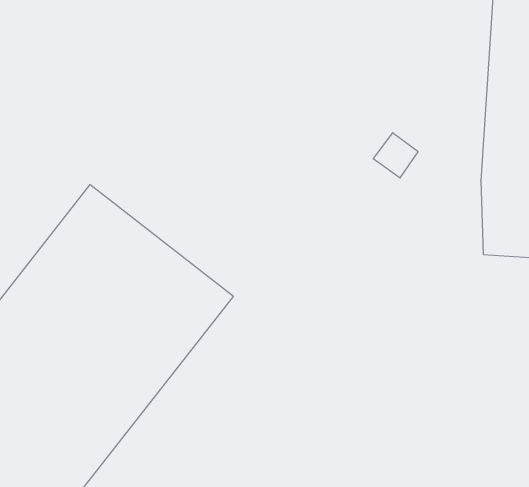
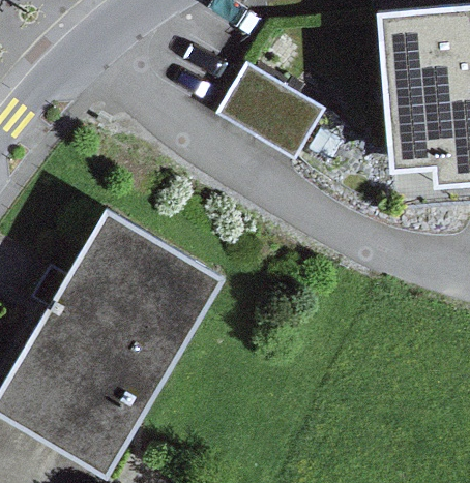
building: none -> [217,70,325,167]

